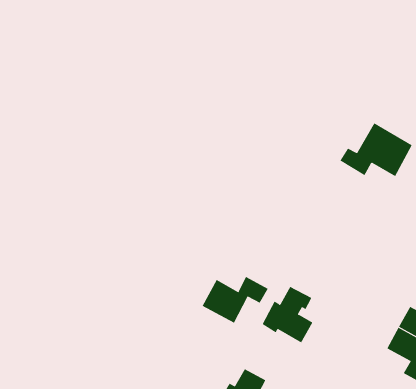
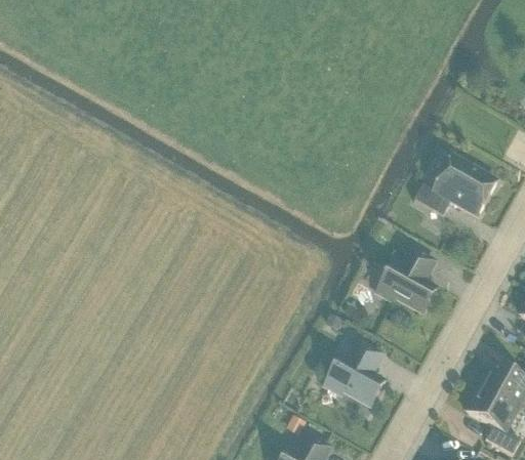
building: none -> [376,247,436,312]
building: [202,276,269,323] -> none

